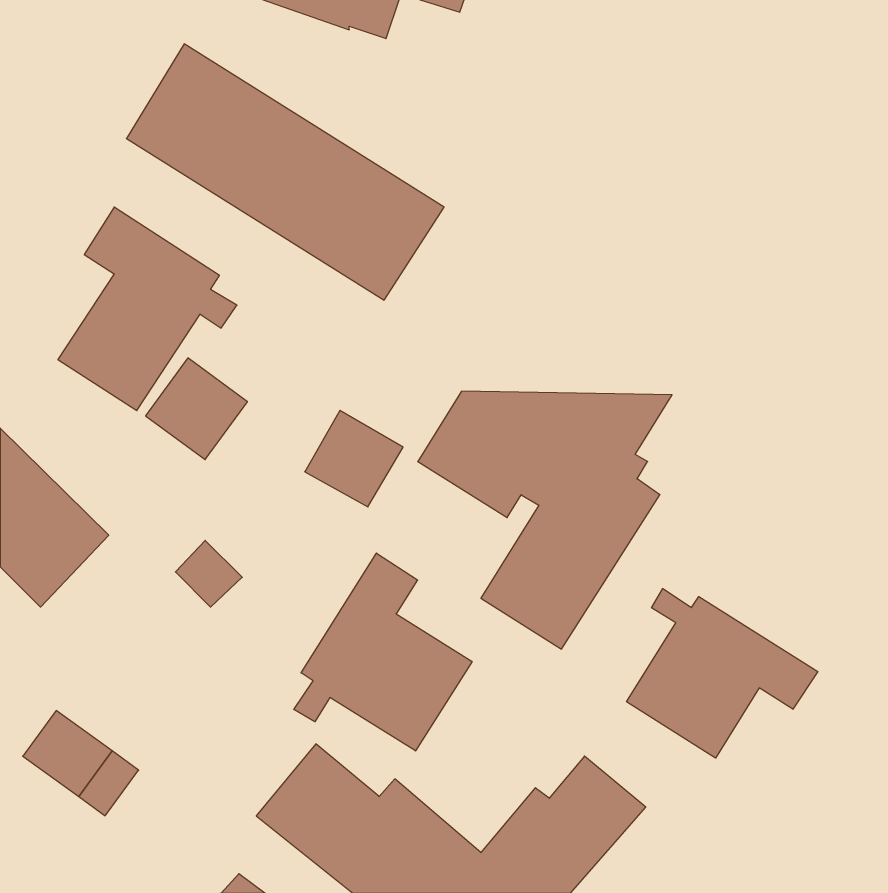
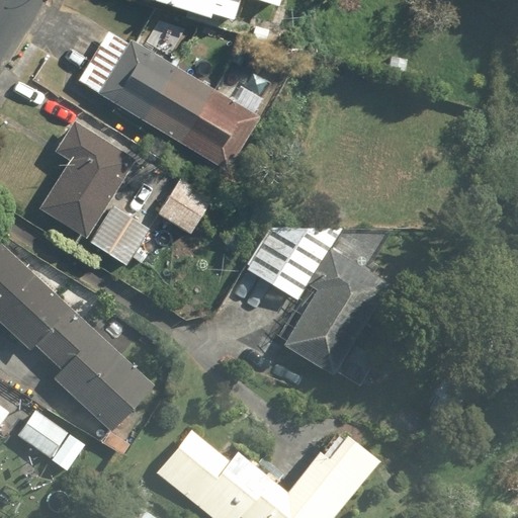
building: [305,410,403,507] -> [156,177,212,233]
building: none -> [40,312,155,433]
building: [294,553,472,751] -> none
building: [627,589,818,758] -> none

